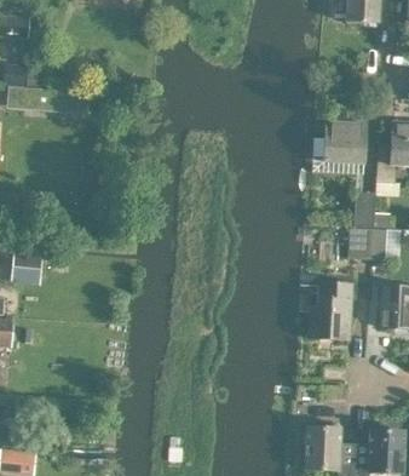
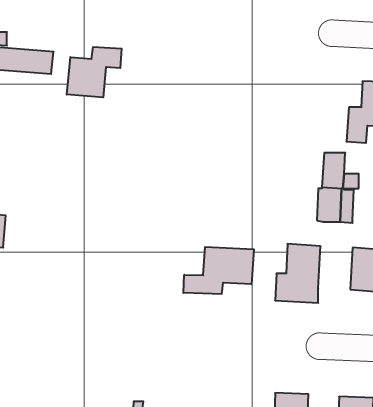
building: none -> [67,47,122,97]
building: [311,119,365,162] -> none
building: none -> [183,247,254,294]

